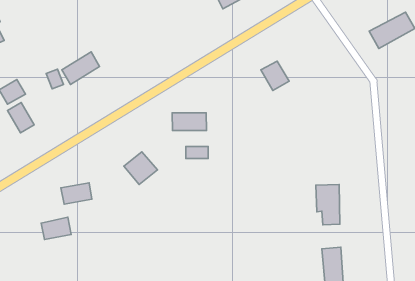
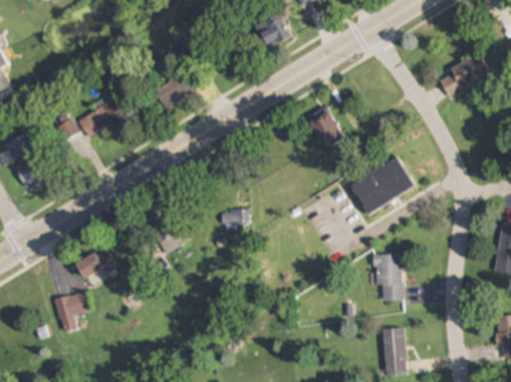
building: none -> [155,69,202,108]
building: none -> [350,157,415,213]
building: [172,113,206,130] -> none

